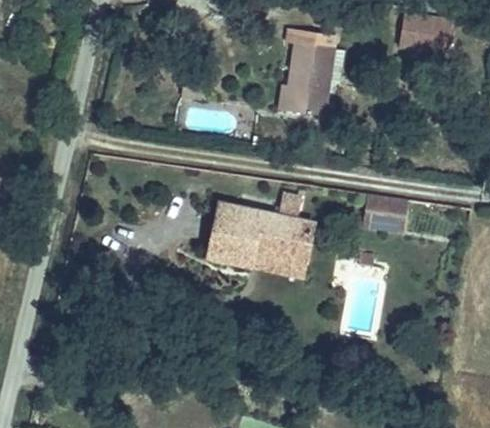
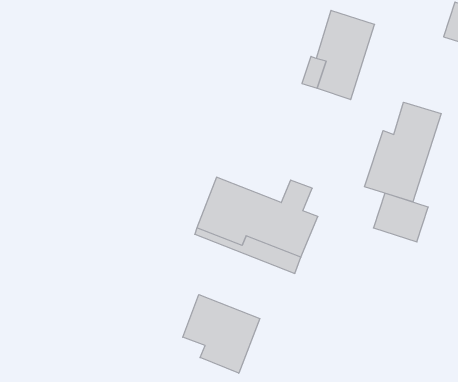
building: none -> [364,102,441,202]
building: none -> [183,295,260,373]

